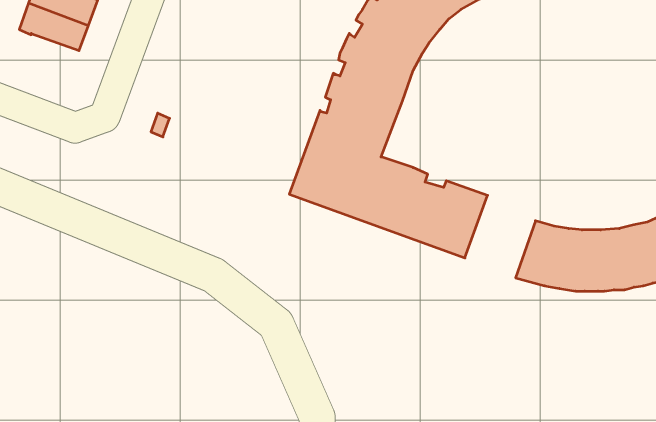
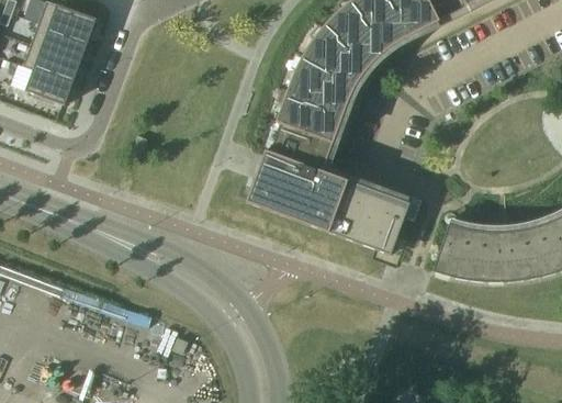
building: none -> [27,67,75,103]

